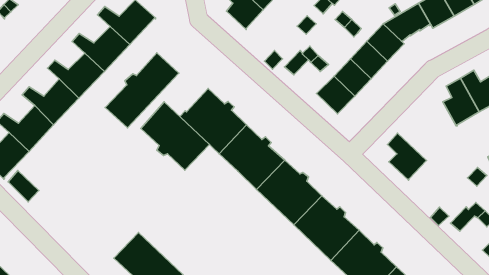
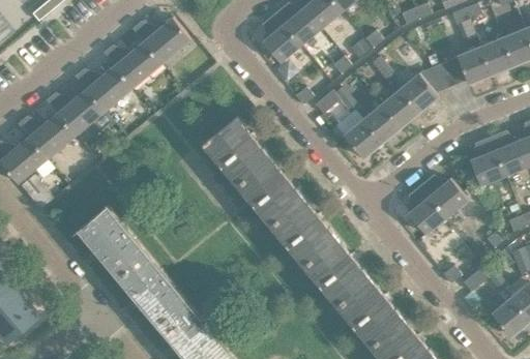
building: [105,53,179,128] -> none
building: [141,102,209,170] -> [78,207,145,278]
building: none -> [418,177,466,218]

